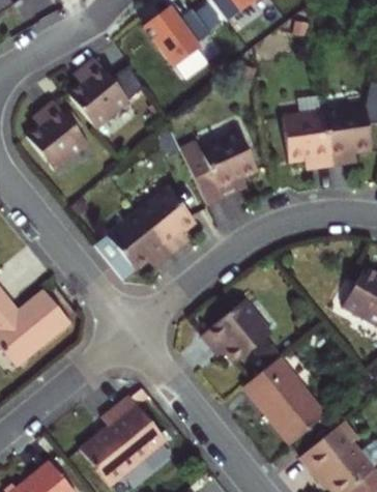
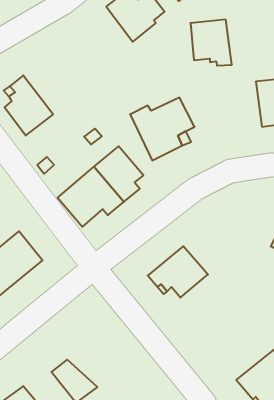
building: [65,60,143,131] -> none
building: [283,110,331,164] -> [190,20,232,66]
building: [243,360,326,445] -> none
building: [104,396,170,467] -> none

